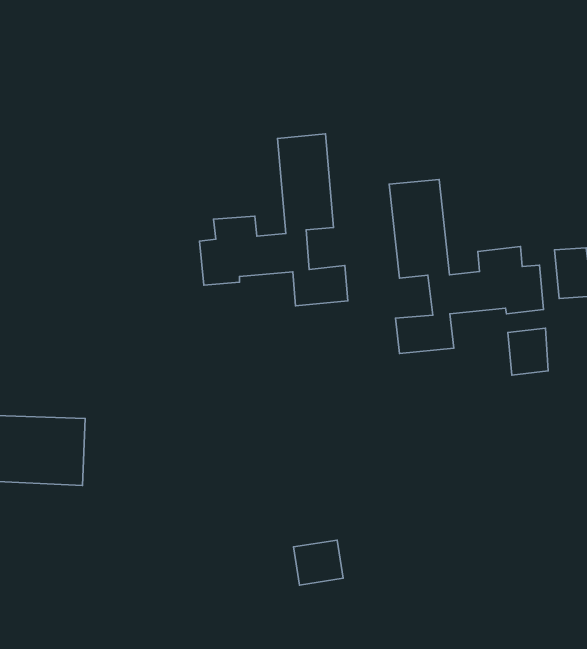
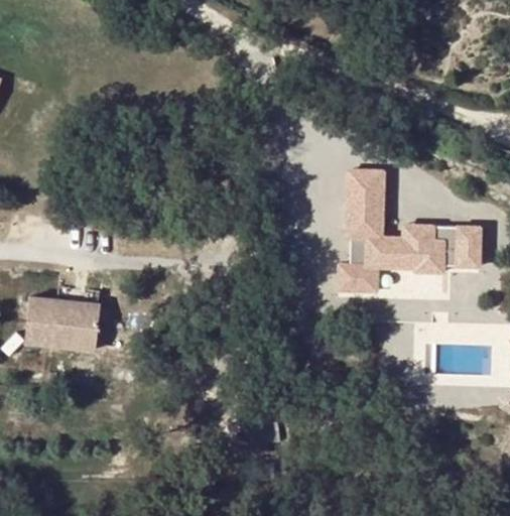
building: [199,134,348,306] -> none
building: [508,328,548,375] -> none

